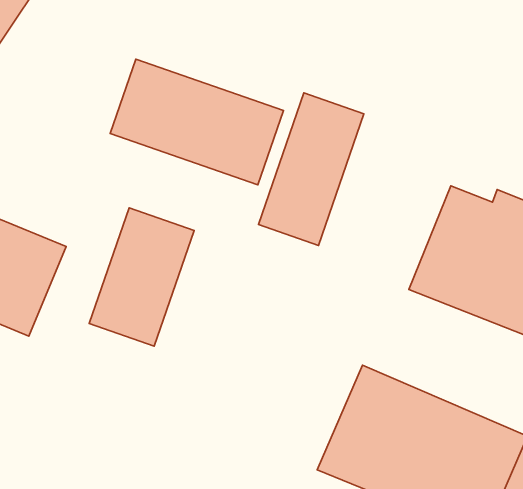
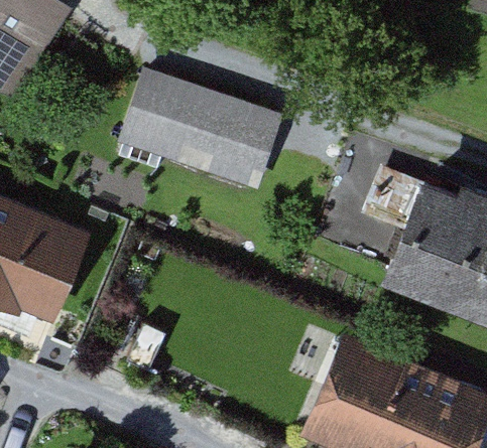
building: [258,93,364,246] -> none
building: [89,208,194,346] -> none

